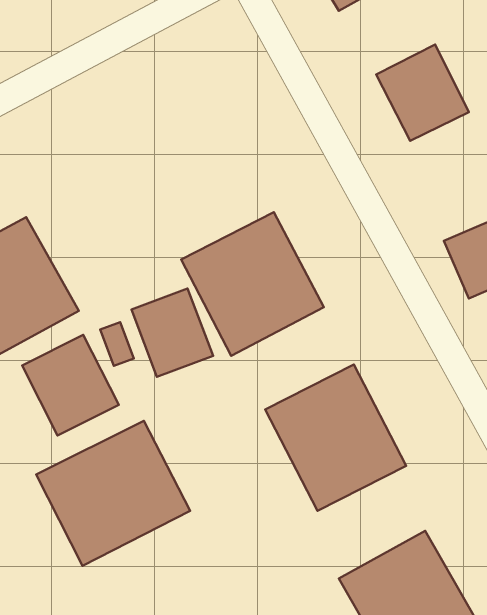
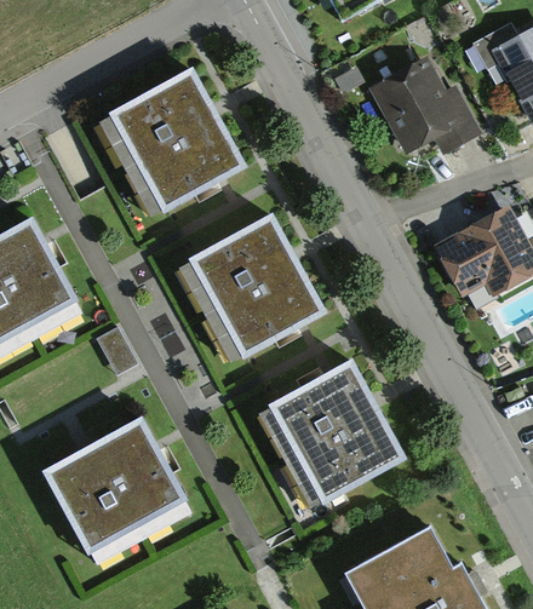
building: none -> [101,71,237,212]
building: [131,288,213,377] -> none
building: [22,335,119,436] -> none

